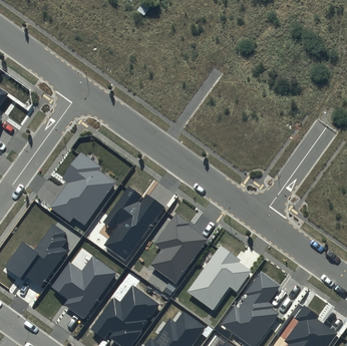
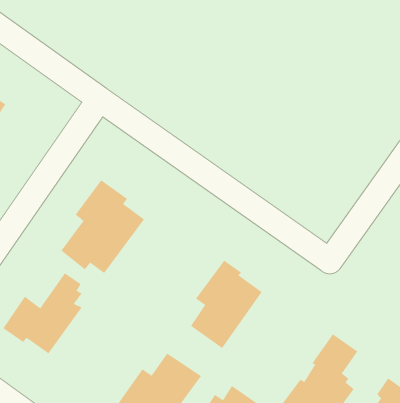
building: [102,187,164,262] -> none
building: [189,246,251,309] -> none
building: [51,255,117,319] -> none

